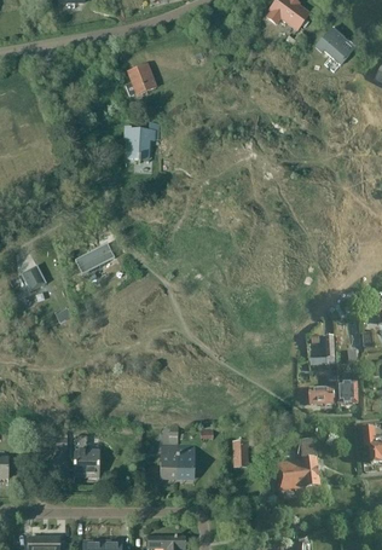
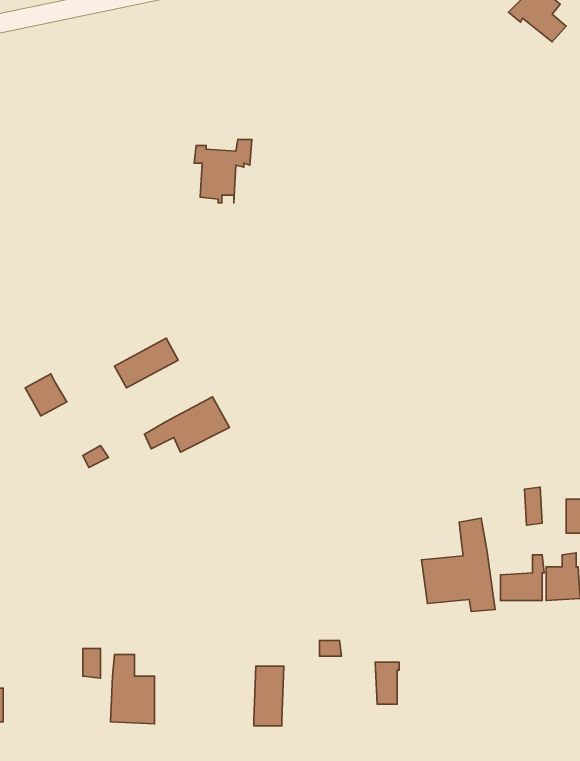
building: [126,63,156,94] -> none
building: none -> [145,397,229,452]
building: [277,436,322,493] -> [421,518,495,612]
building: [176,442,195,479] -> none

